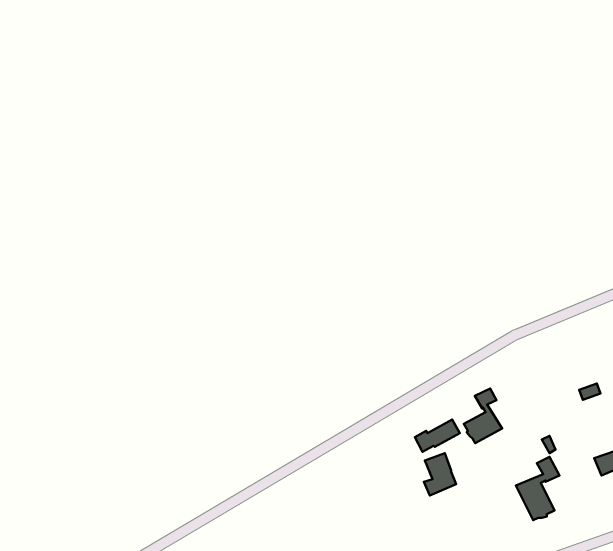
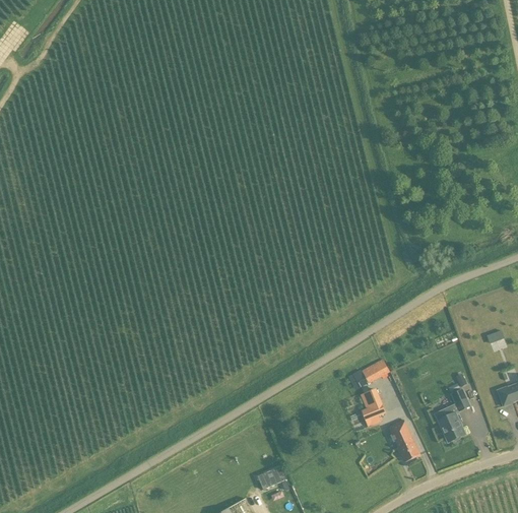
building: [464,388,502,443] -> none
building: none -> [389,420,420,461]

